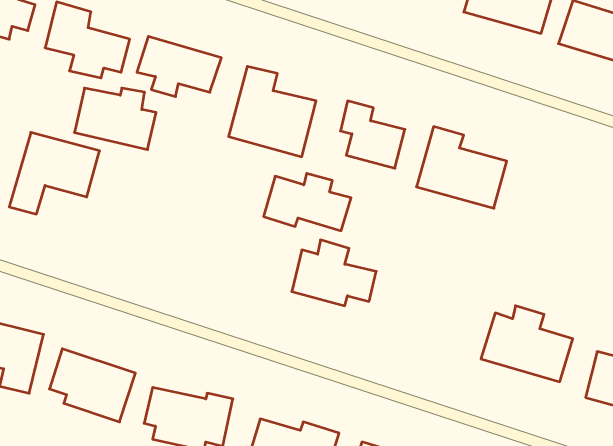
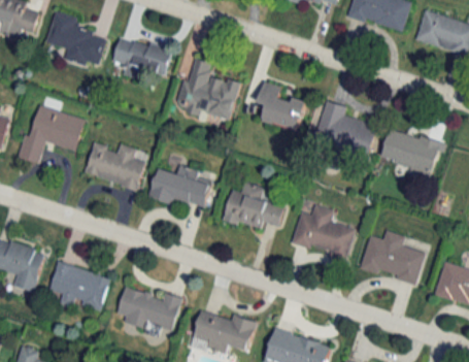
building: [74,88,156,150] -> [85,144,143,189]
building: none -> [380,127,443,175]
building: [264,173,351,231] -> [148,166,211,207]
building: none -> [291,205,355,259]

